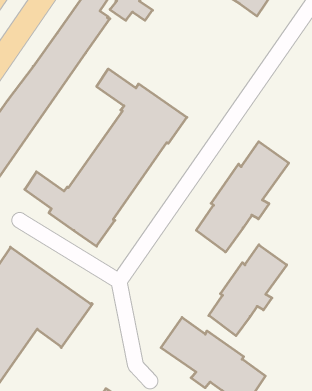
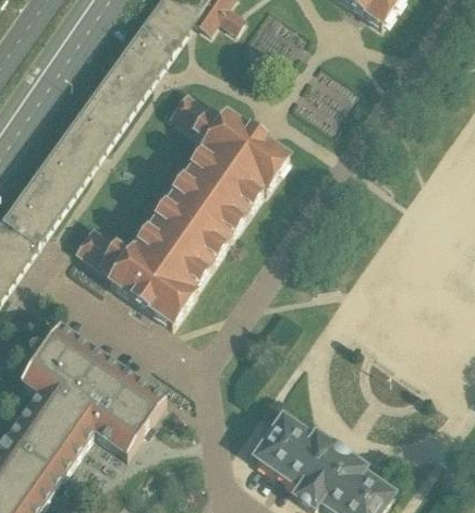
building: [196,142,289,252] -> none
building: [209,245,287,336] -> none

